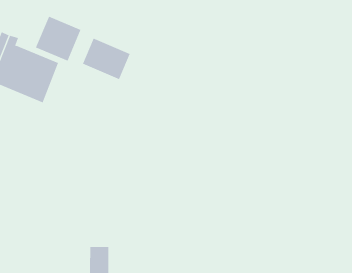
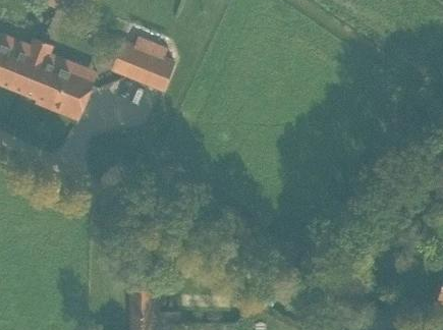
building: [35,16,81,62] -> none

